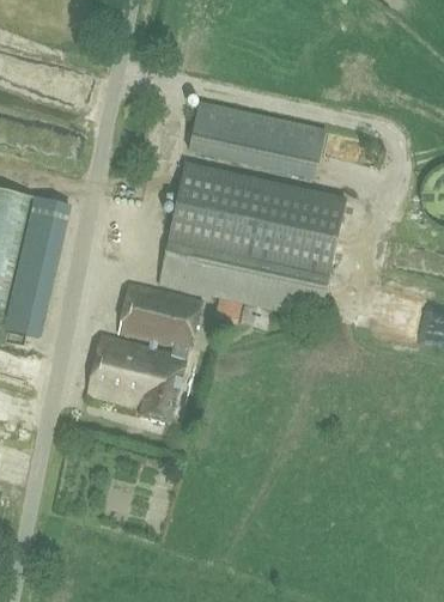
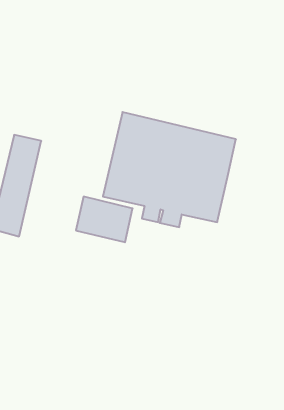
building: [189,97,327,177] -> none
building: [89,330,188,421] -> none

